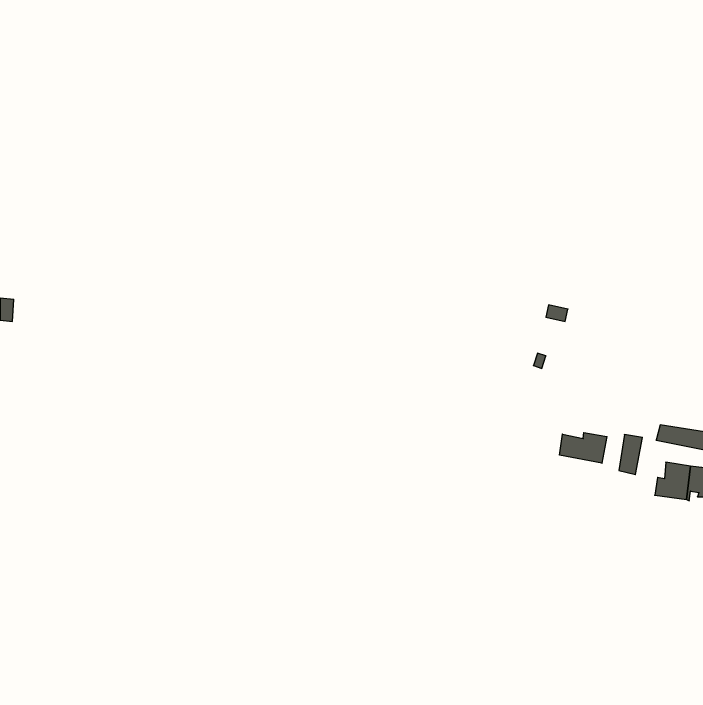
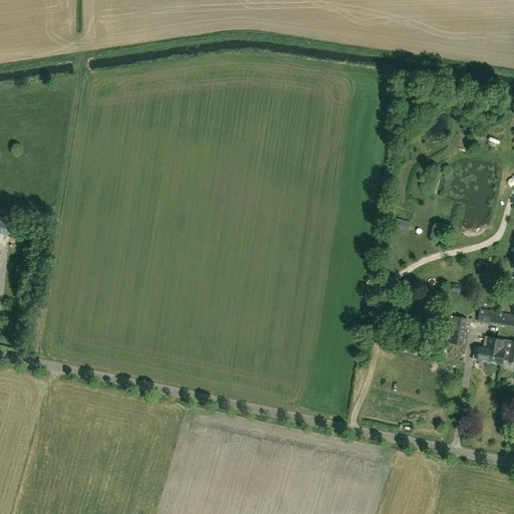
building: [560,433,607,463] -> none

